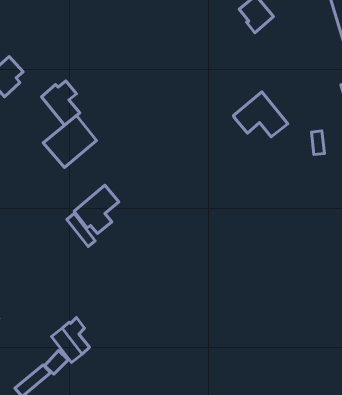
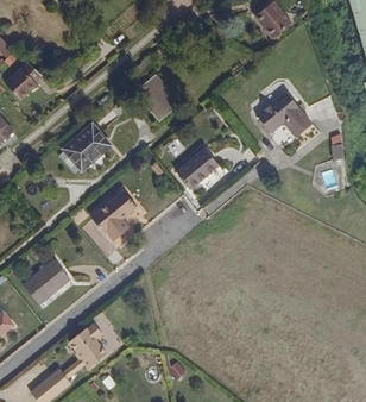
building: none -> [134,71,182,119]
building: [41,81,80,125] -> none
building: none -> [177,146,219,188]
building: none -> [23,258,69,302]

